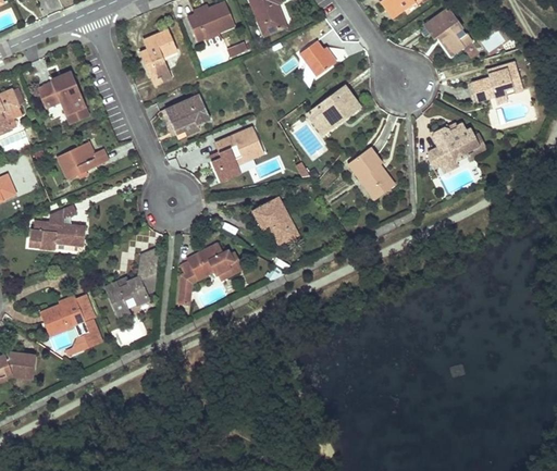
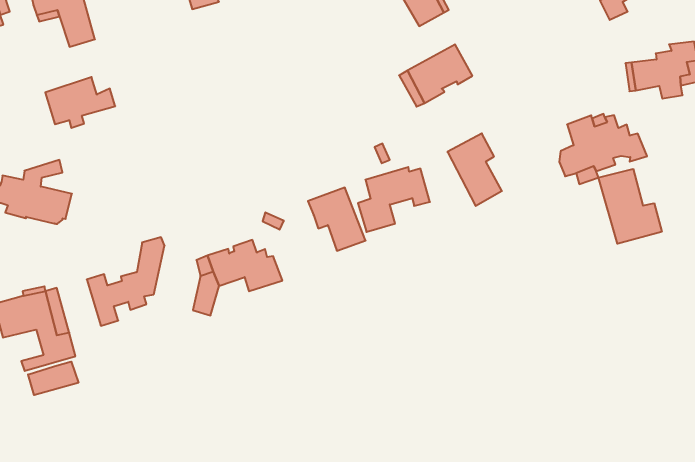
building: [165,95,209,134] -> none
building: [212,129,263,179] -> [358,167,430,232]
building: none -> [598,169,662,244]
building: none -> [28,362,78,395]

